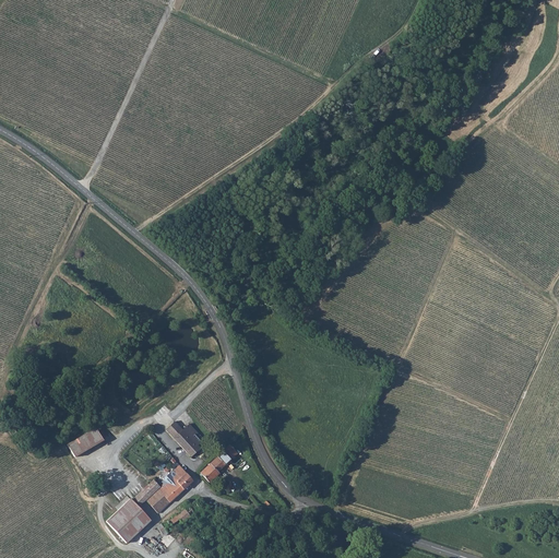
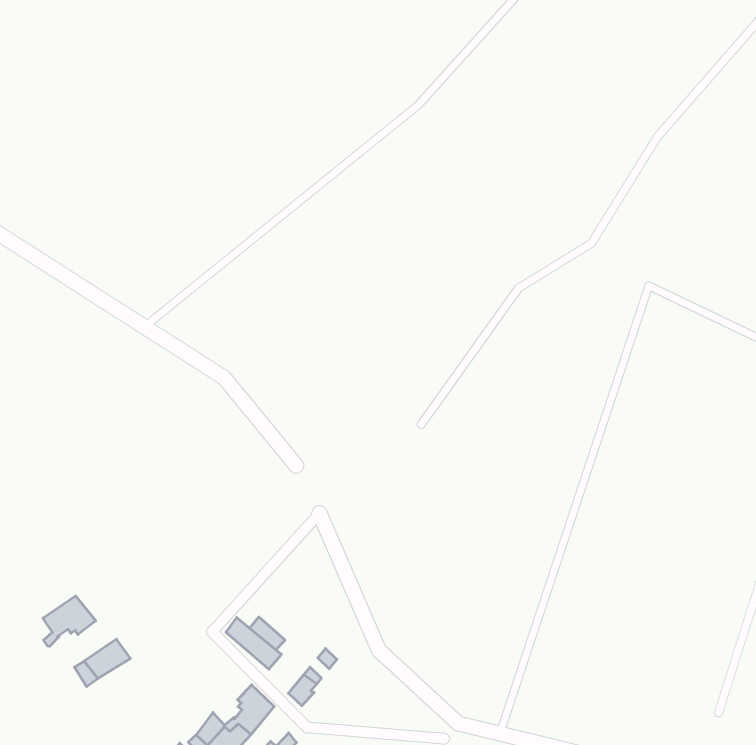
building: none -> [43,596,96,646]

